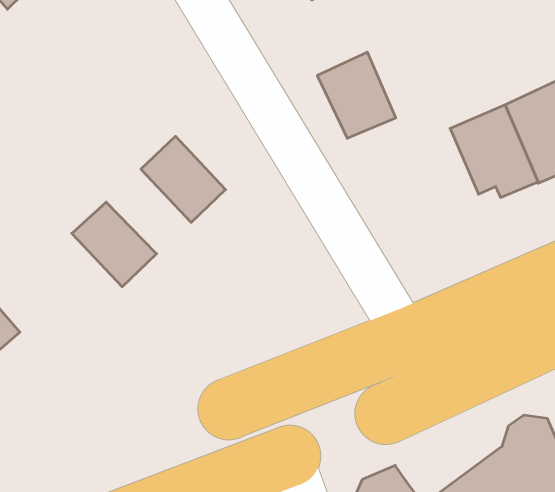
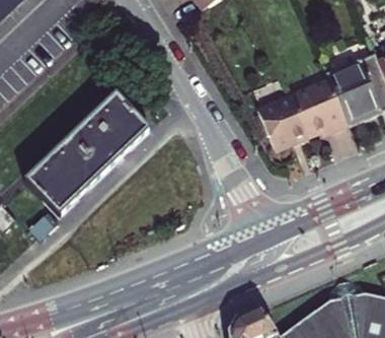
building: [317,52,396,138] -> [258,92,309,148]
building: none -> [69,119,124,174]
building: none -> [24,160,79,216]

